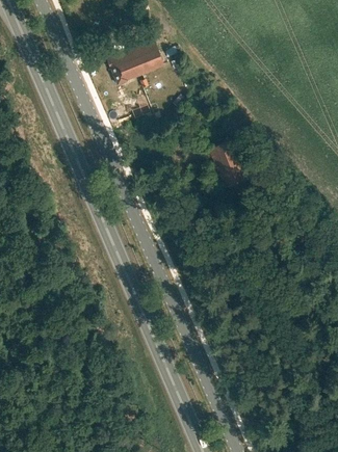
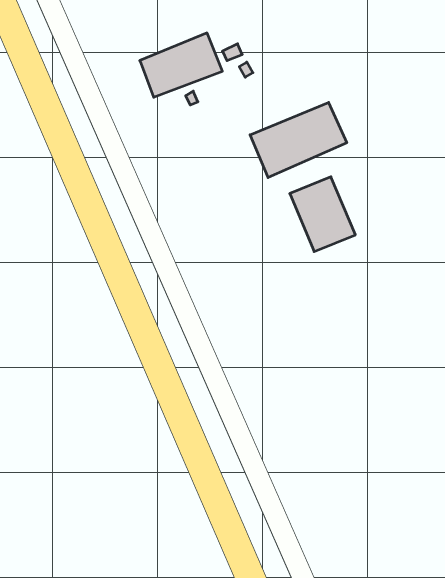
building: none -> [250,102,347,178]

